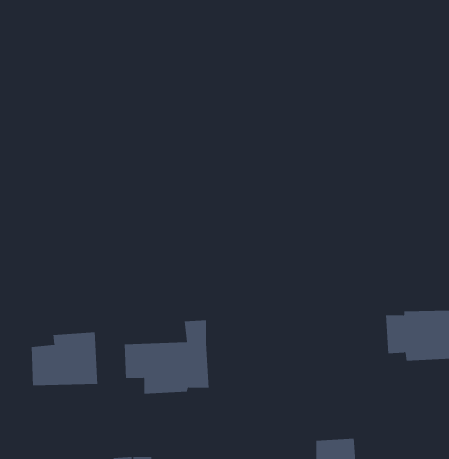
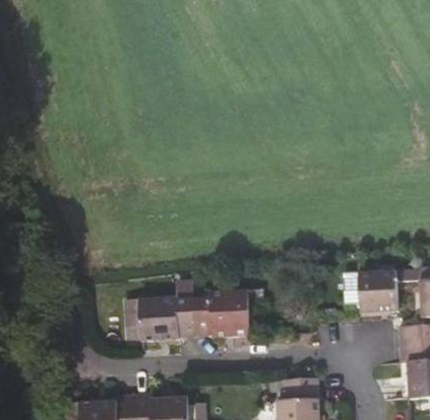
building: [31,331,98,386] -> none
building: none -> [194,289,251,338]

